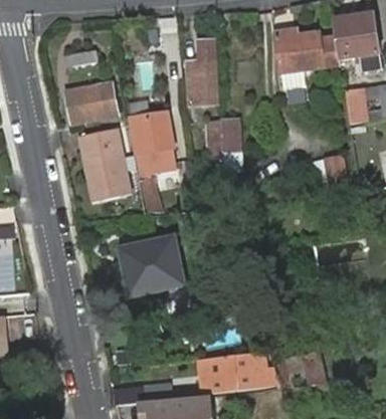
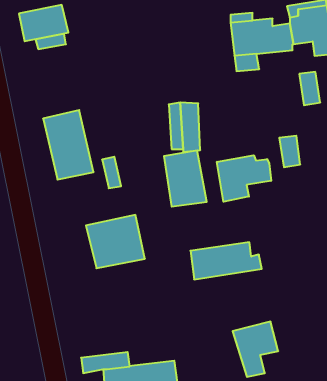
building: [187,39,216,102] -> none
building: [66,82,119,121] -> [19,5,68,41]
building: [133,114,178,173] -> [164,150,207,207]
building: none -> [217,155,271,202]
building: [198,352,273,391] -> [190,242,262,279]

